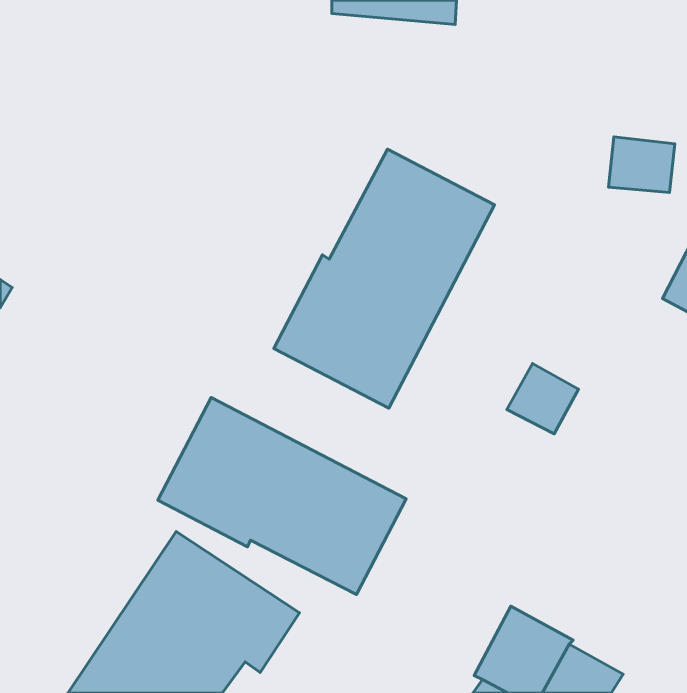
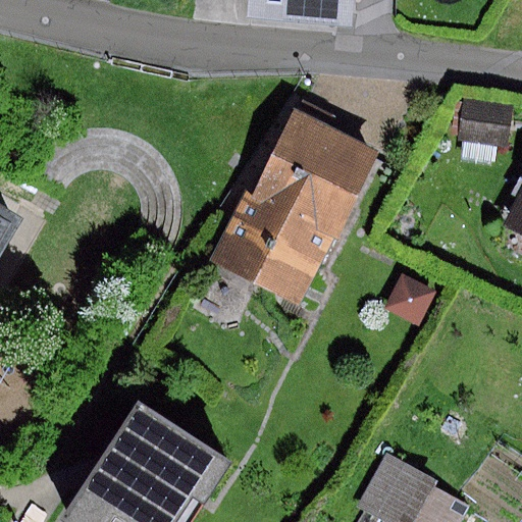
building: [158,398,406,594] -> none

